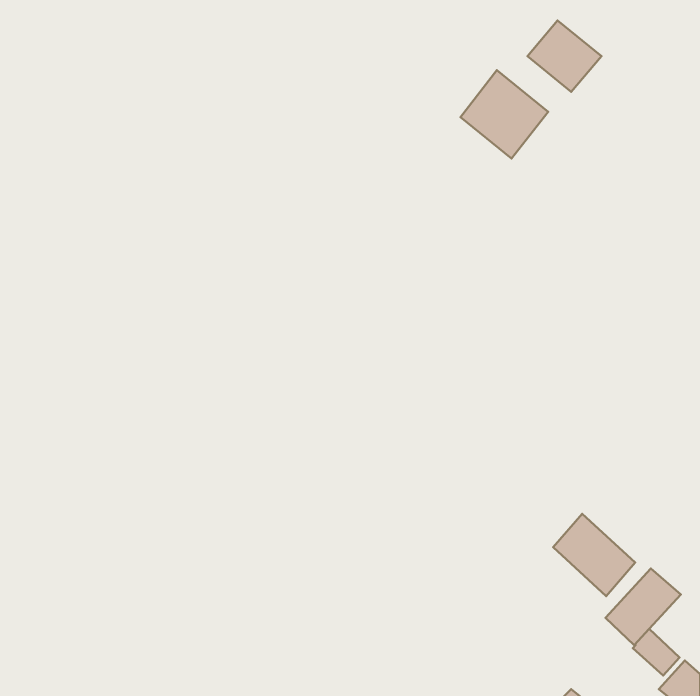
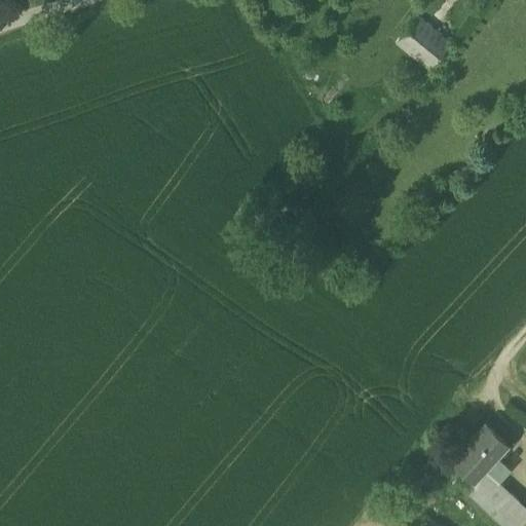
building: [460,70,548,159] -> none
building: [553,514,635,596] -> none

